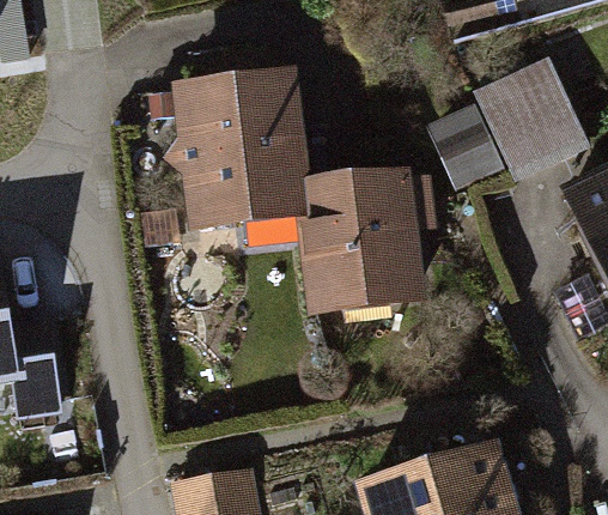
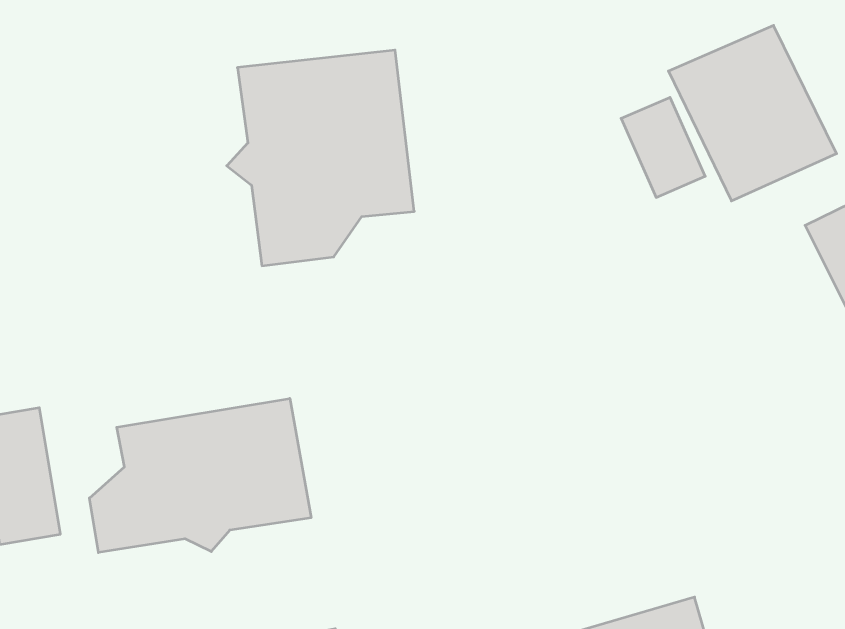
building: [300,175,415,299] -> none
building: none -> [89,398,311,553]

